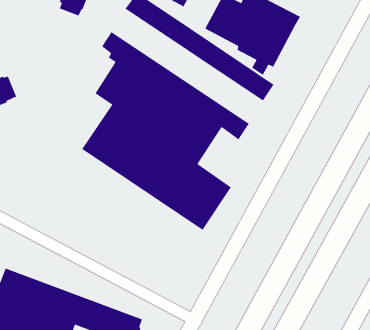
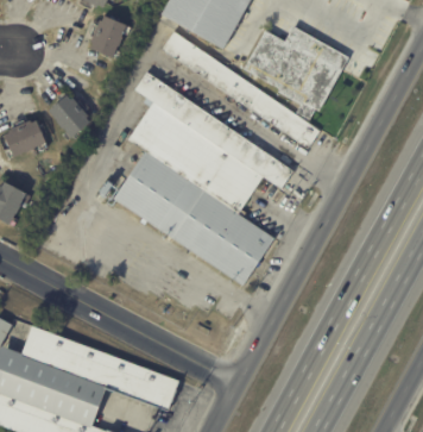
building: none -> [49,94,88,137]

